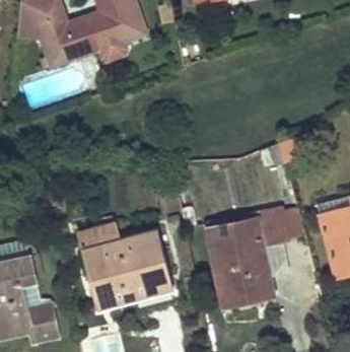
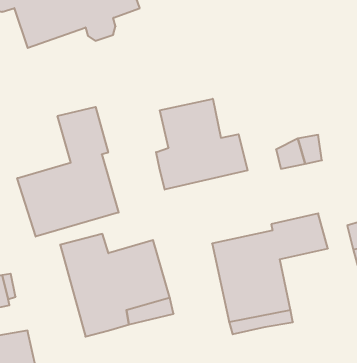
building: none -> [156,99,248,190]
building: none -> [17,107,119,237]

